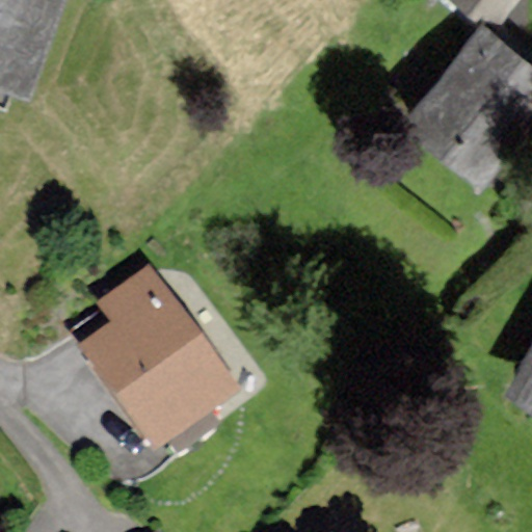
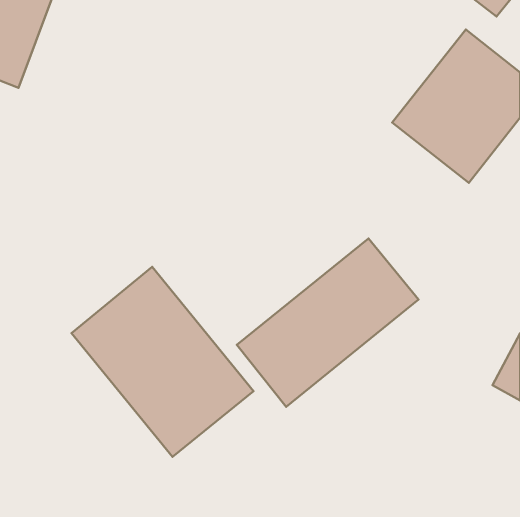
building: none -> [237,238,418,407]

